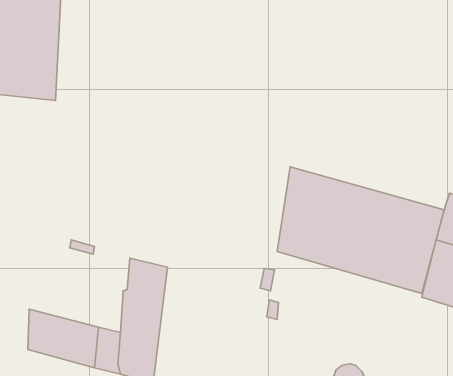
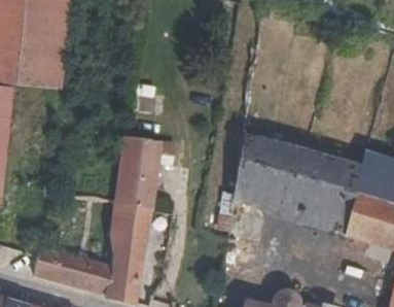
building: none -> [117,138,170,213]

